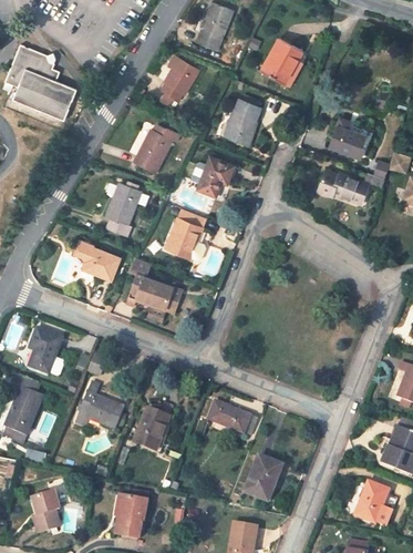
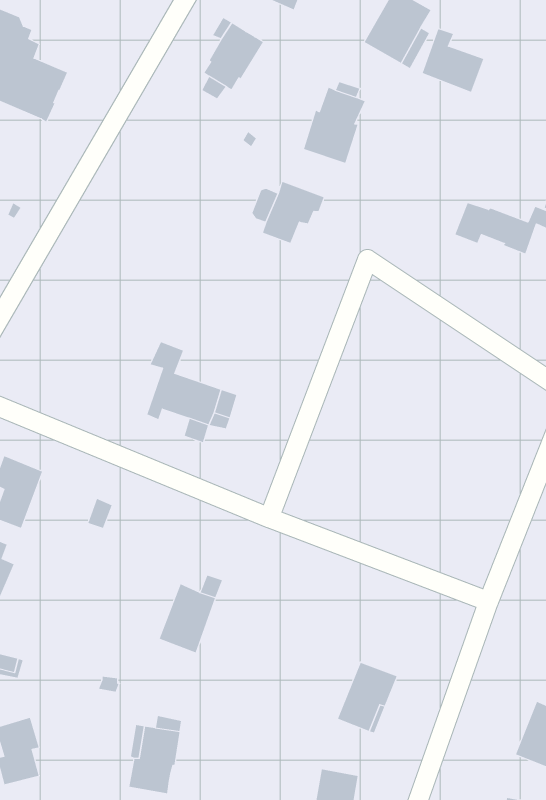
building: [329,119,368,158] -> [422,28,484,93]
building: [135,124,179,173] -> none
building: [105,183,141,236] -> none
building: [165,208,206,259] -> none
building: [74,240,120,280] -> none
building: [75,382,124,430] -> none
building: [207,401,257,433] -> none

